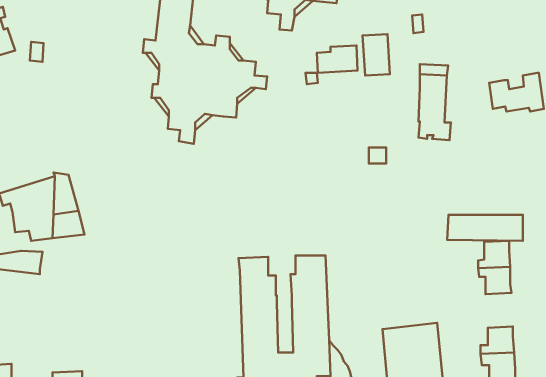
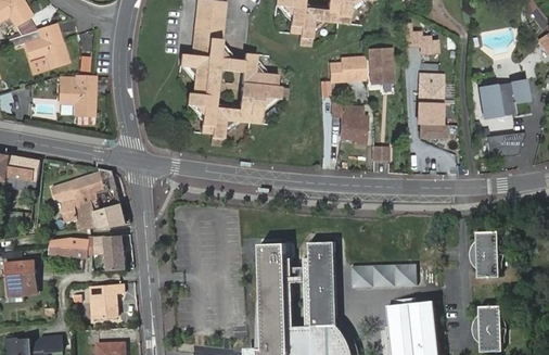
building: none -> [61,75,97,114]
building: none -> [333,103,369,143]
building: [447,215,523,241] -> [352,264,418,287]
building: none -> [88,236,127,270]
building: none -> [92,286,126,320]

